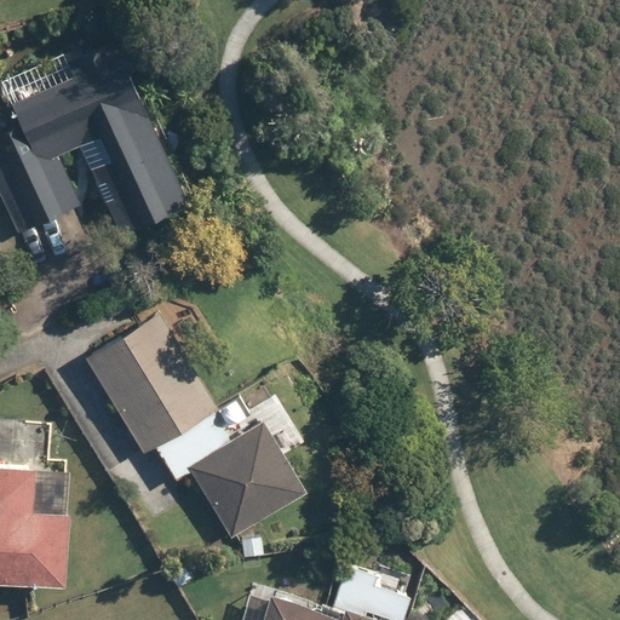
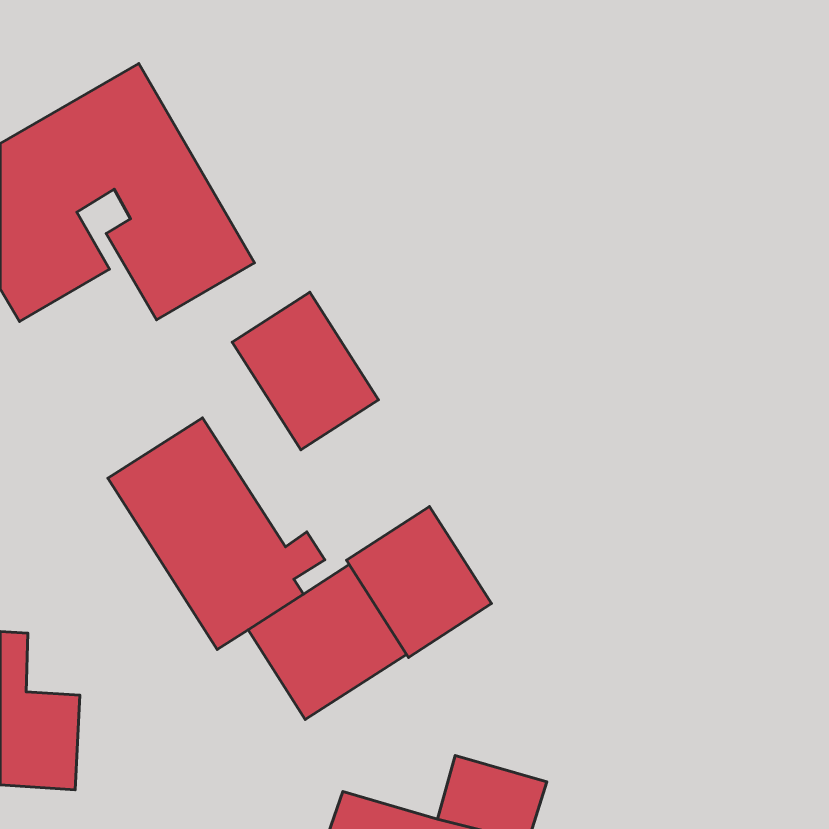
building: none -> [232,292,378,450]
building: none -> [346,506,492,657]

